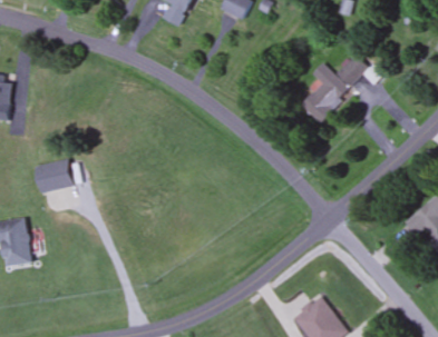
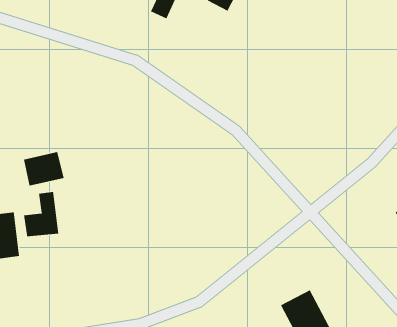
building: [301,53,368,120] -> none
building: none -> [24,191,59,237]

